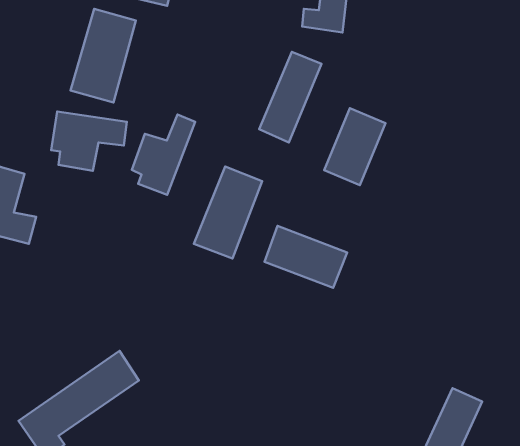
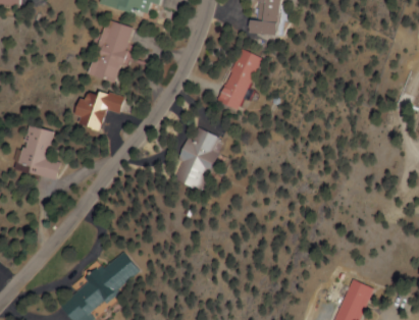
building: [324,108,385,185] -> none
building: [132,115,195,195] -> none
building: [264,226,347,288] -> none

